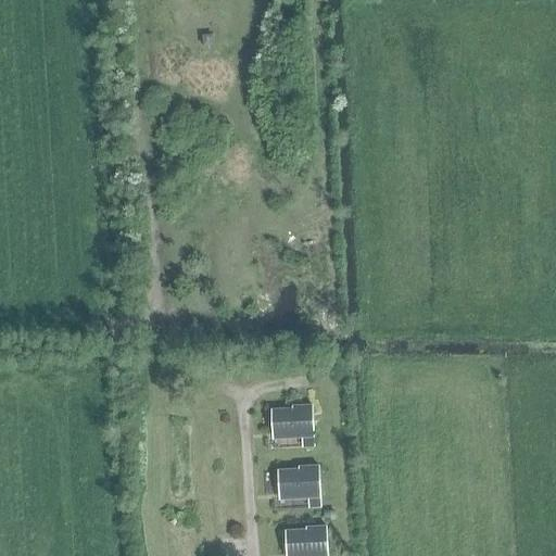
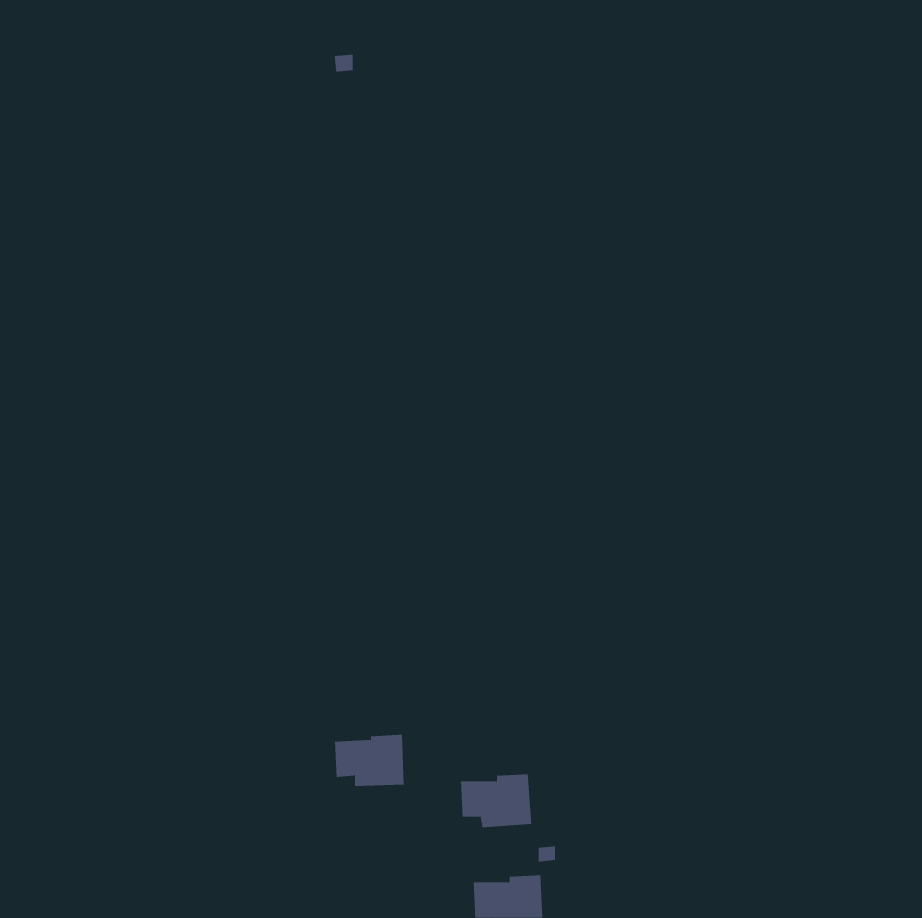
building: [270,406,313,438] -> [334,734,405,787]

